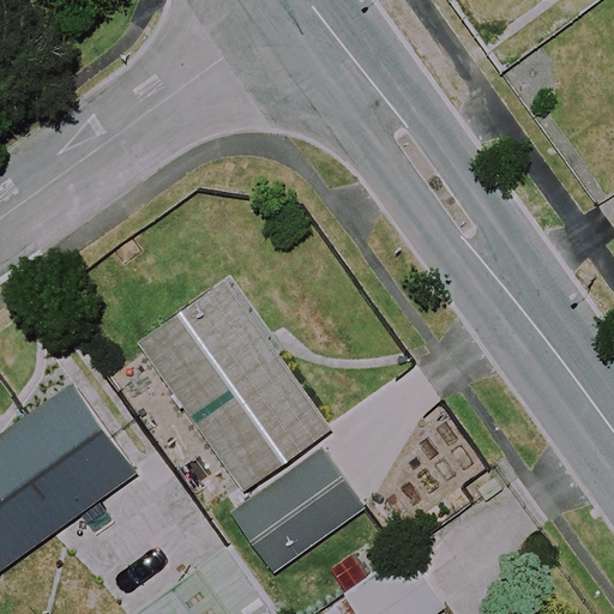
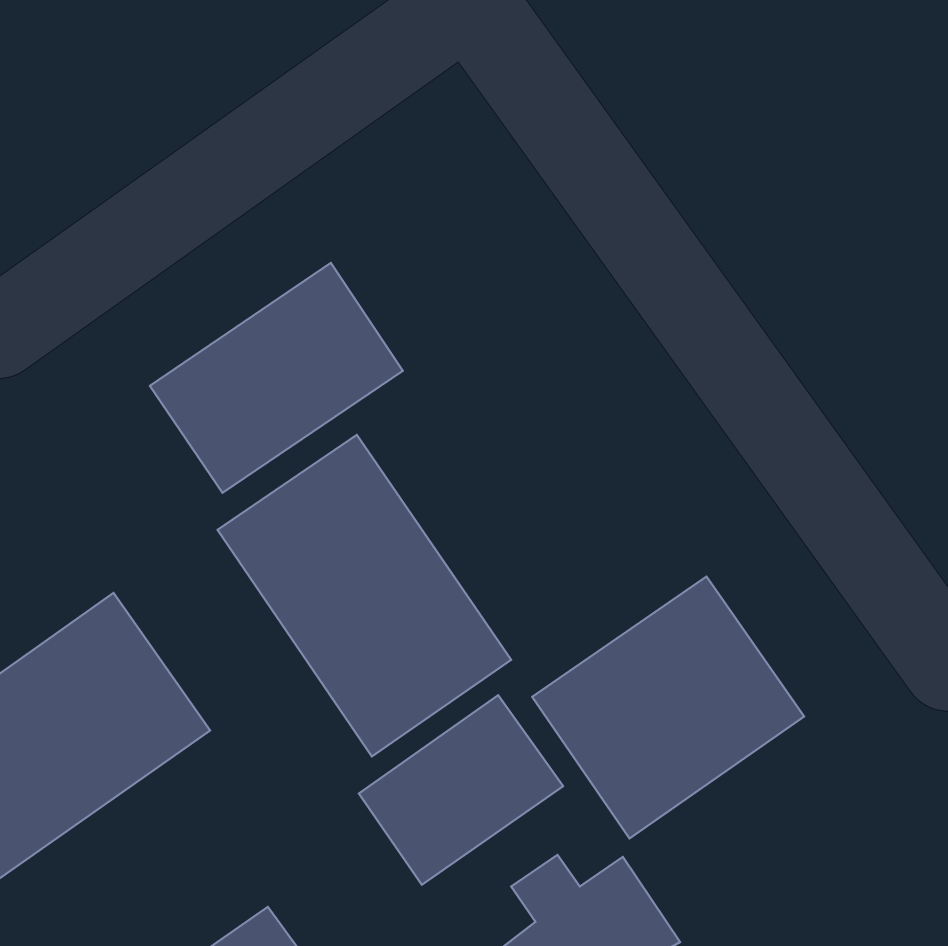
building: none -> [150,263,403,493]
building: none -> [532,577,804,838]

